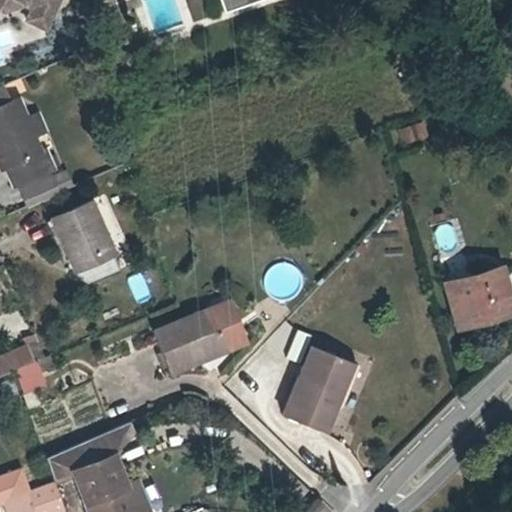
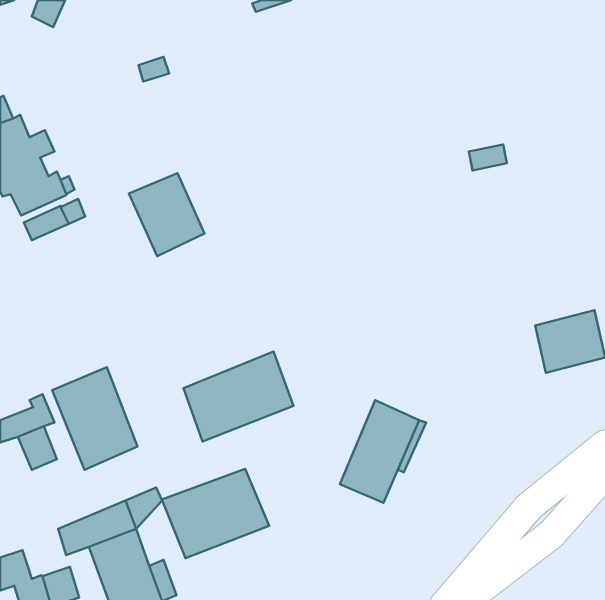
building: [50,202,114,272] -> [129,173,205,256]
building: none -> [52,367,138,470]
building: none -> [162,469,269,558]

